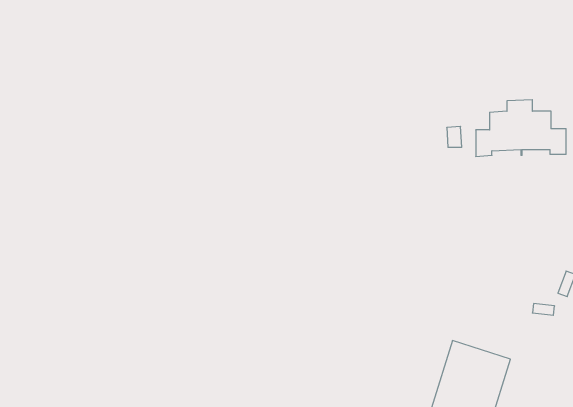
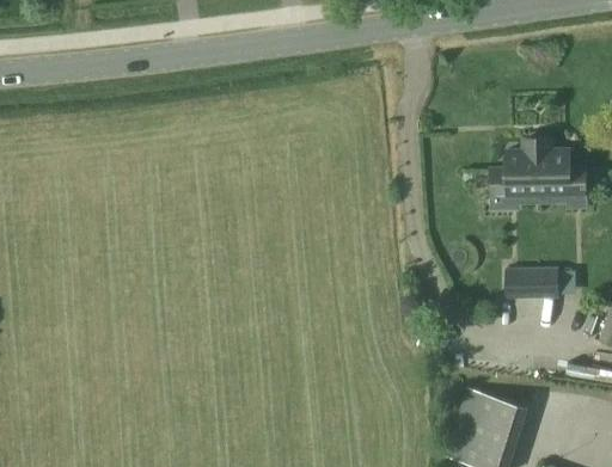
building: none -> [506,268,558,299]

